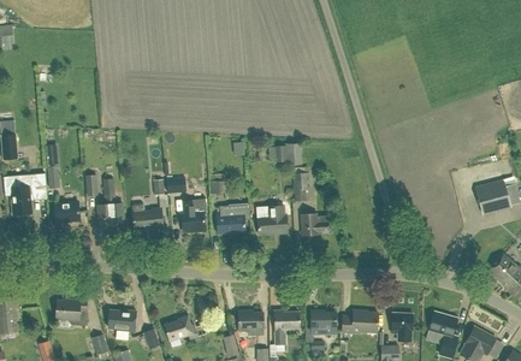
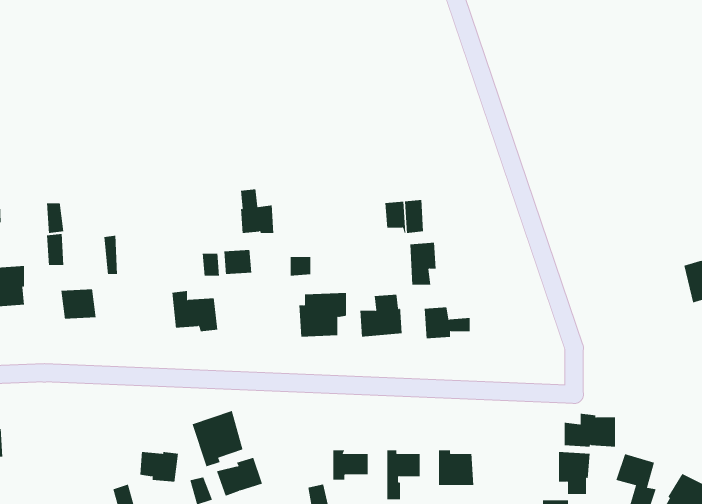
building: [96,181,123,225] -> none
building: [182,201,205,231] -> [240,189,274,234]
building: none -> [192,410,243,467]
building: [55,300,87,325] -> none
building: [342,309,377,332] -> [564,413,616,447]

